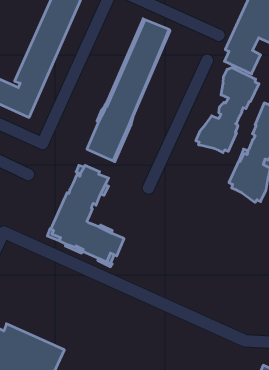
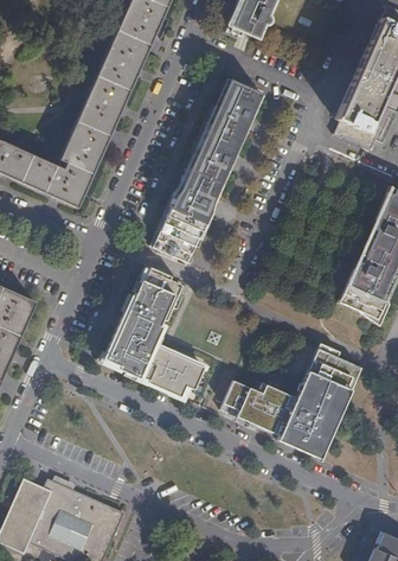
building: [196,68,259,153] -> none
building: none -> [219,346,360,460]

